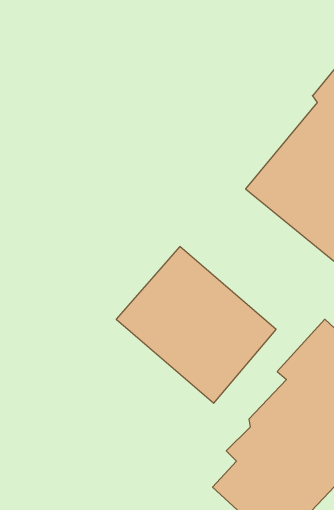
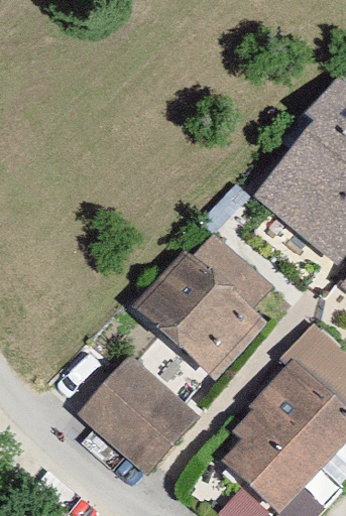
building: none -> [78,352,199,473]

